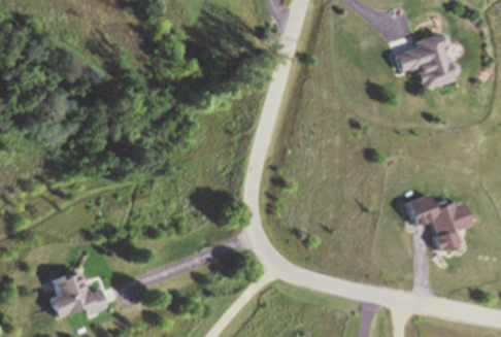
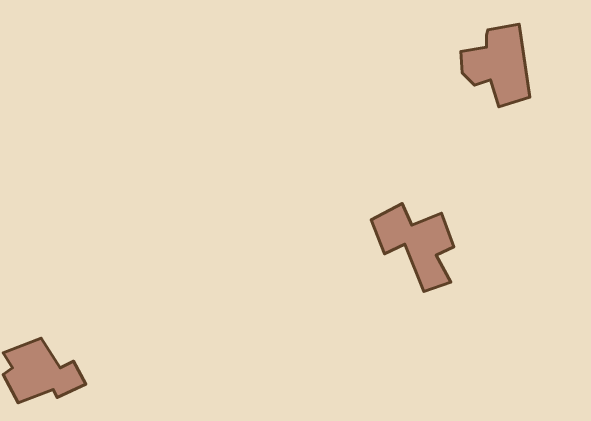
building: [404,192,467,259] -> [371,204,454,292]

